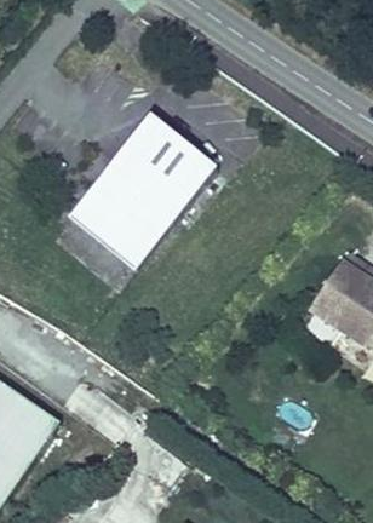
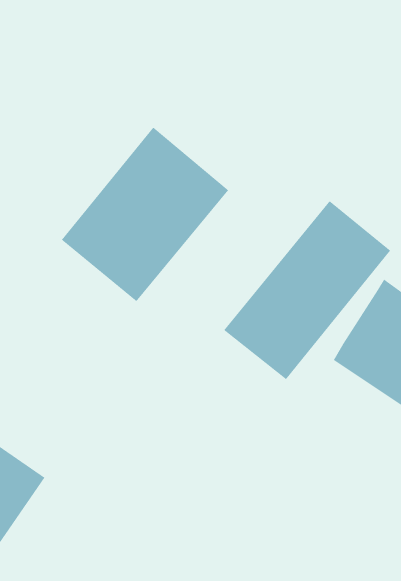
building: none -> [223,200,391,380]

